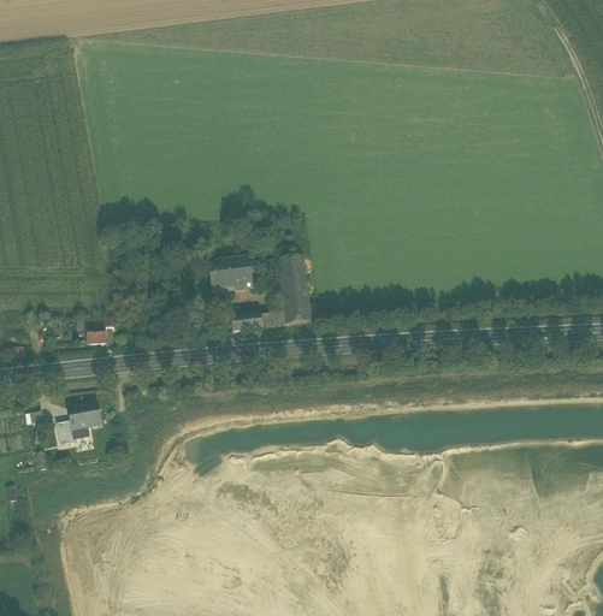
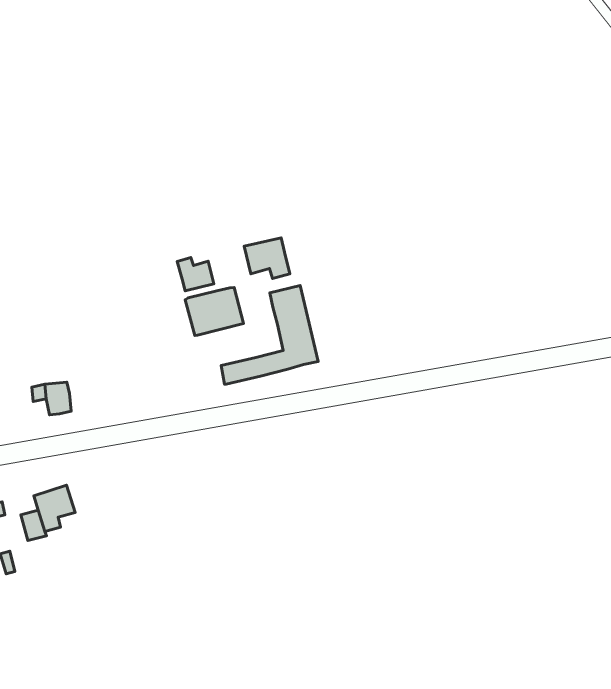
building: none -> [244,238,290,278]
building: none -> [177,258,214,291]

